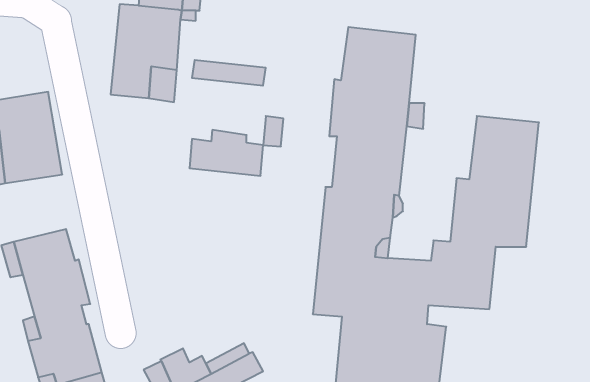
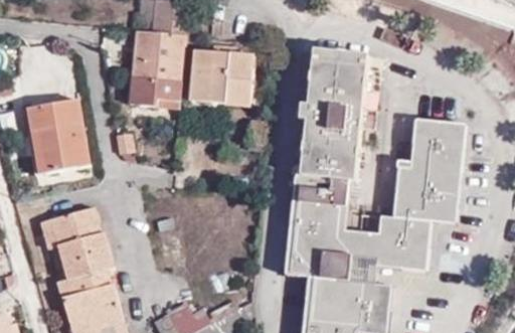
building: [189,130,263,176] -> [192,44,250,80]

